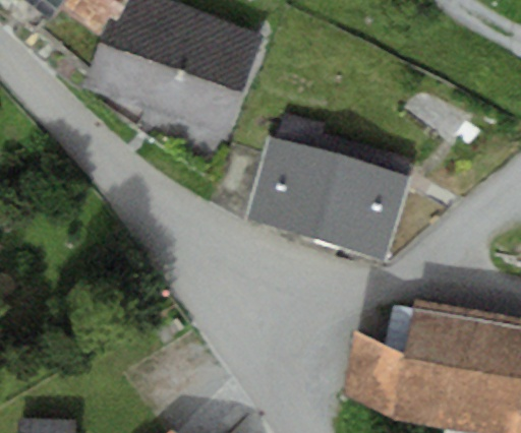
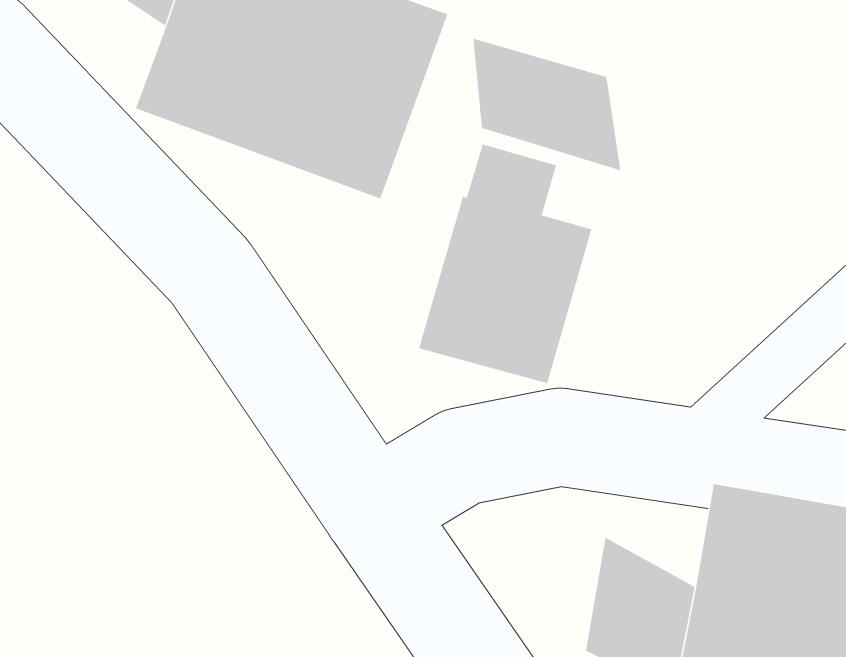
building: none -> [473,38,621,171]
building: [322,154,411,262] -> none

